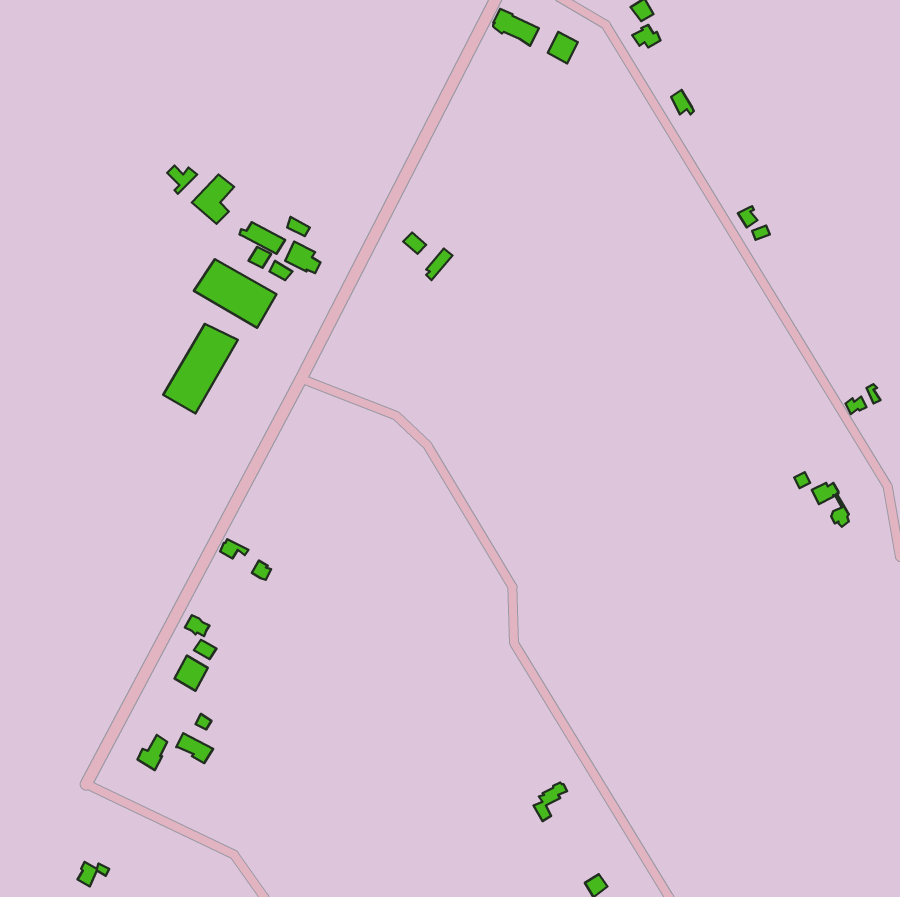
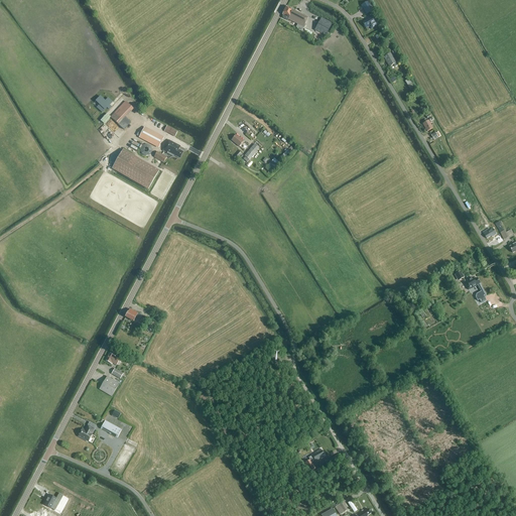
building: [163,324,238,413] -> none

